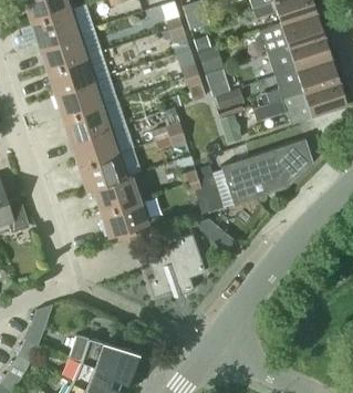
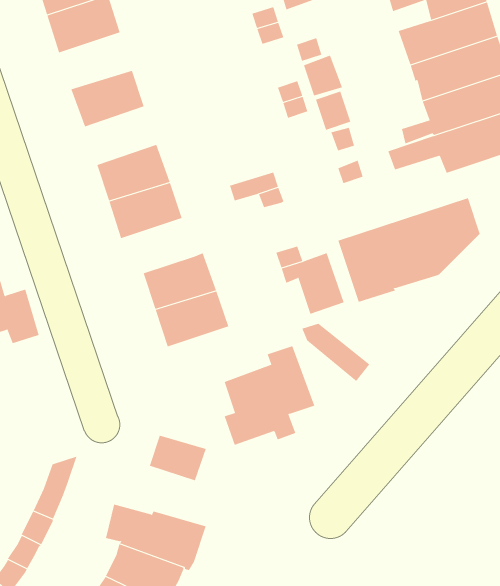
building: [41,32,89,69] -> none
building: [58,80,104,117] -> none
building: [81,152,128,189] -> none
building: none -> [149,435,207,481]

